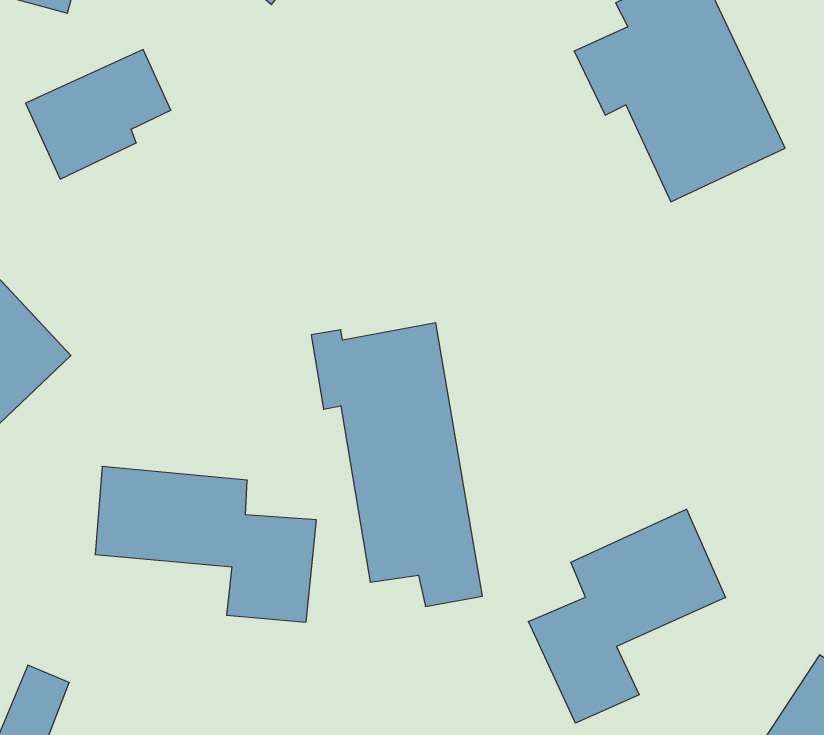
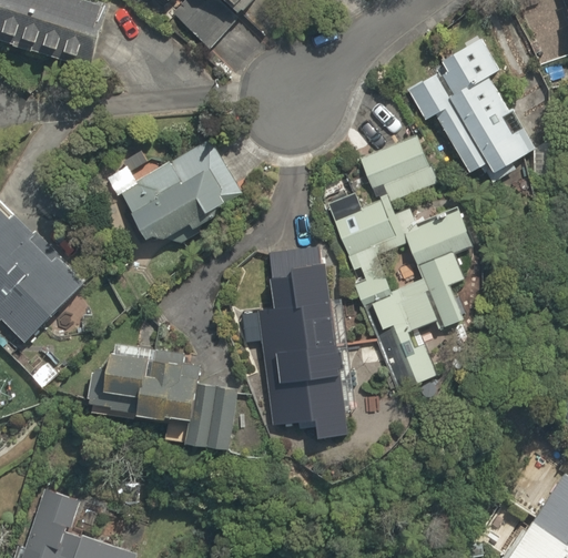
building: [26,50,171,179] -> [124,160,217,243]
building: none -> [334,135,470,385]
building: [528,509,726,723] -> none

